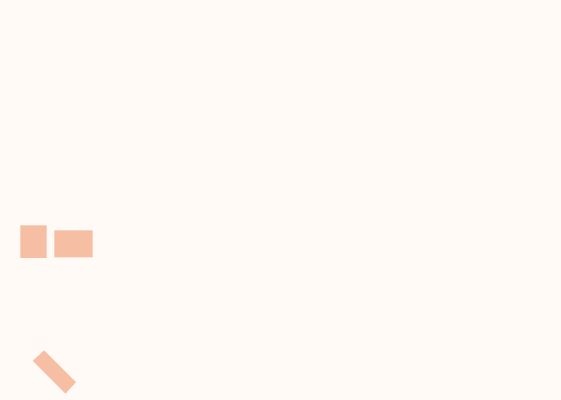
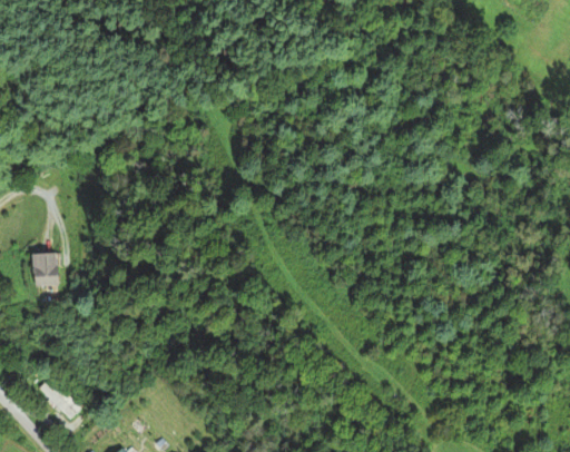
building: [54,229,93,258] -> none

